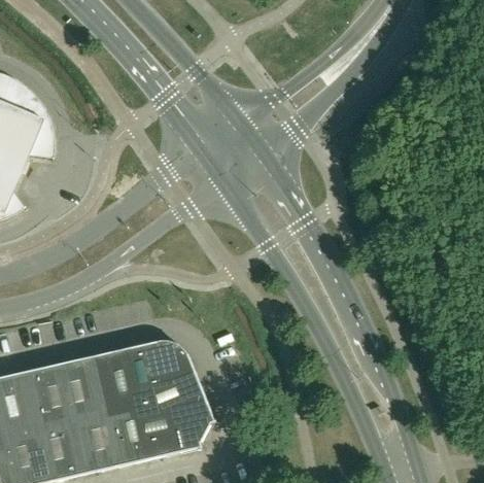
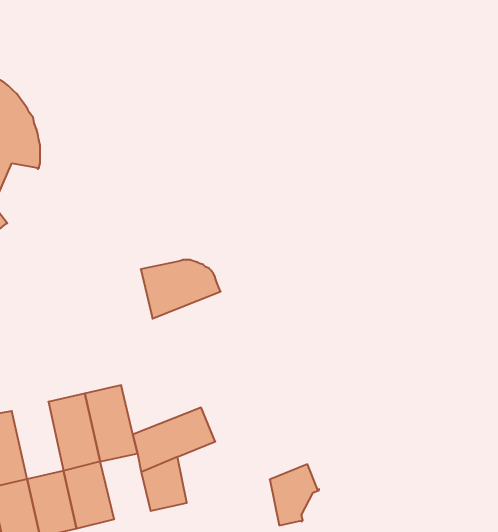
building: [120,340,191,391] -> [141,260,221,319]
building: [25,363,70,430] -> none
building: [170,398,213,451] -> [270,464,319,525]
building: [102,408,146,465] -> none

